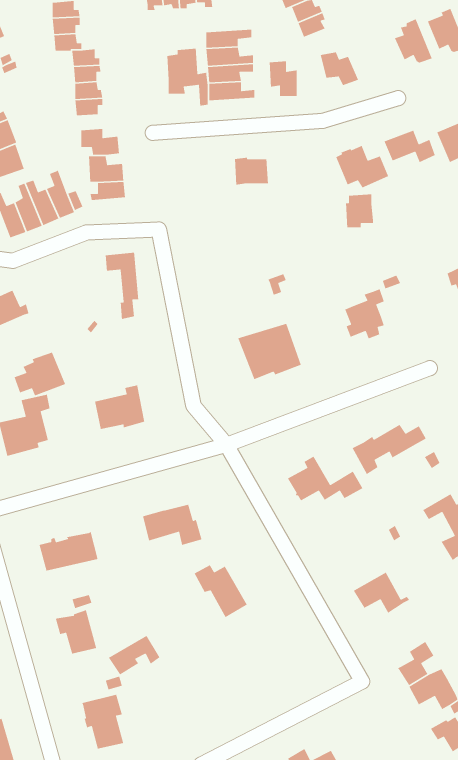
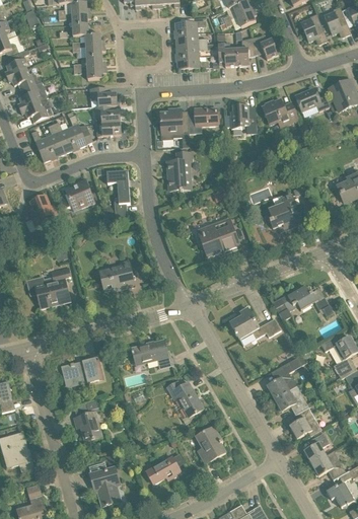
building: [166,48,209,107] -> [160,107,189,147]
building: none -> [236,38,256,66]
building: [345,194,374,228] -> [230,104,249,128]
building: none -> [167,152,191,191]
building: [13,351,66,397] -> [59,179,94,210]
building: none -> [266,361,296,398]
building: none -> [289,406,321,438]
building: none -> [196,426,225,463]
building: [108,635,160,676] -> [145,456,181,484]

